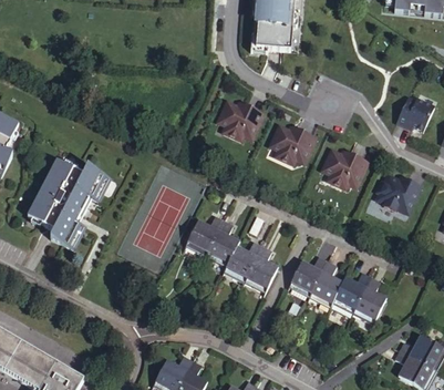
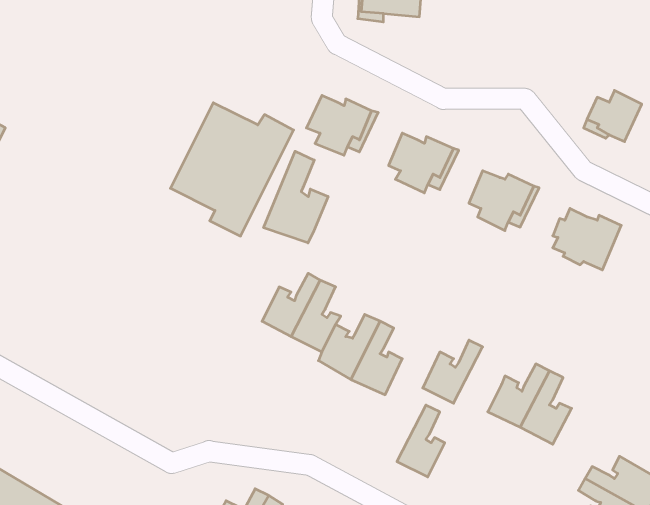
building: none -> [264,151,328,243]
building: [30,160,110,246] -> [170,103,294,236]
building: [311,263,342,309] -> [397,405,445,477]

